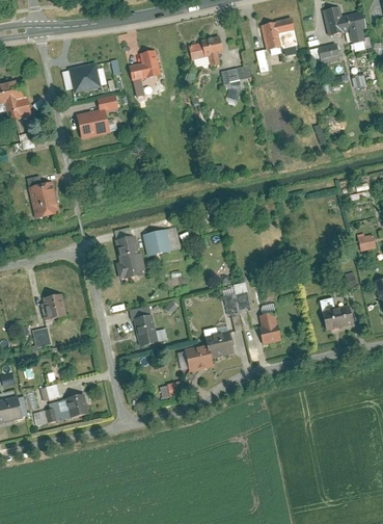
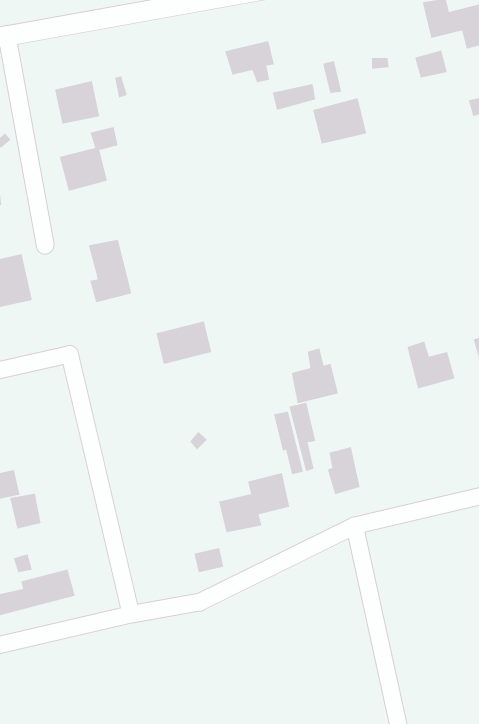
building: [261,18,298,50] -> [312,97,367,145]
building: [129,50,160,97] -> none
building: [114,235,144,279] -> [88,239,132,303]
building: none -> [291,348,339,404]
building: [44,294,65,319] -> [9,493,41,530]
building: [320,297,353,331] -> [407,340,456,389]
building: [129,308,167,347] -> none

